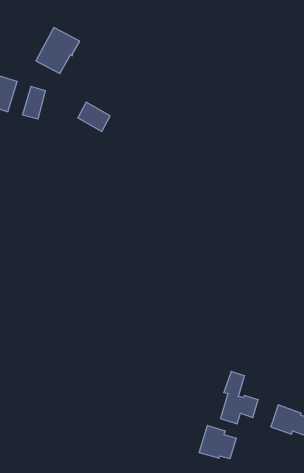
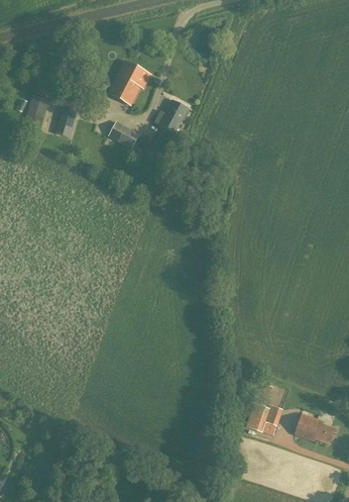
building: [36,28,80,74] -> [107,62,149,106]
building: none -> [158,101,187,133]
building: [199,425,236,459] -> none

